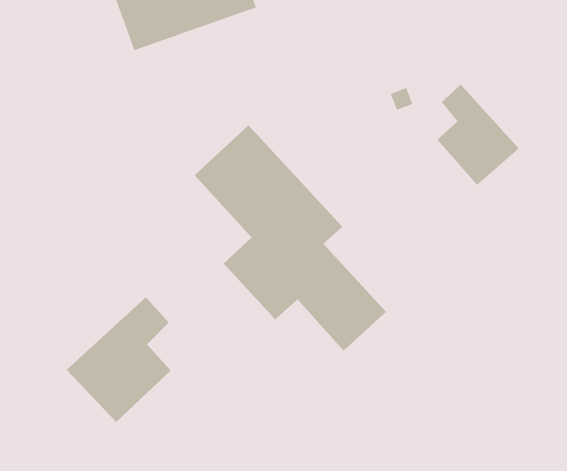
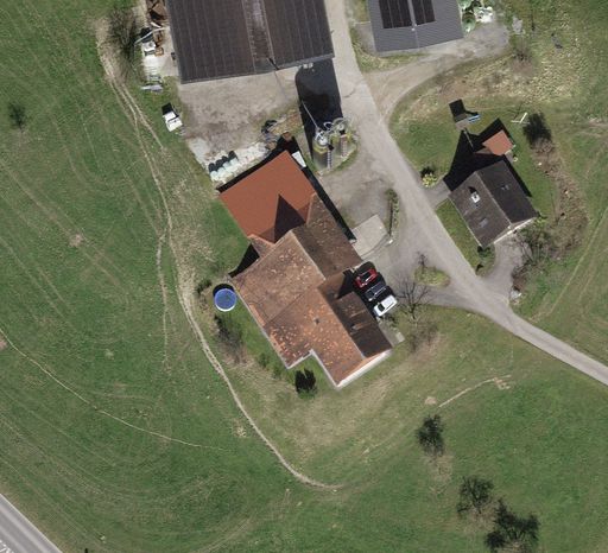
building: [66,296,171,423] -> none

